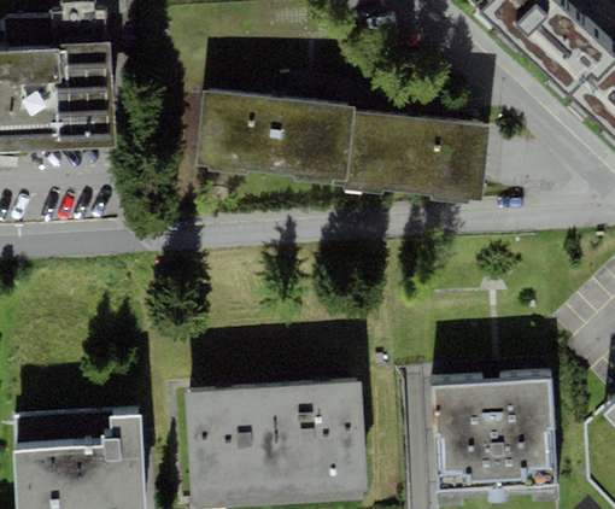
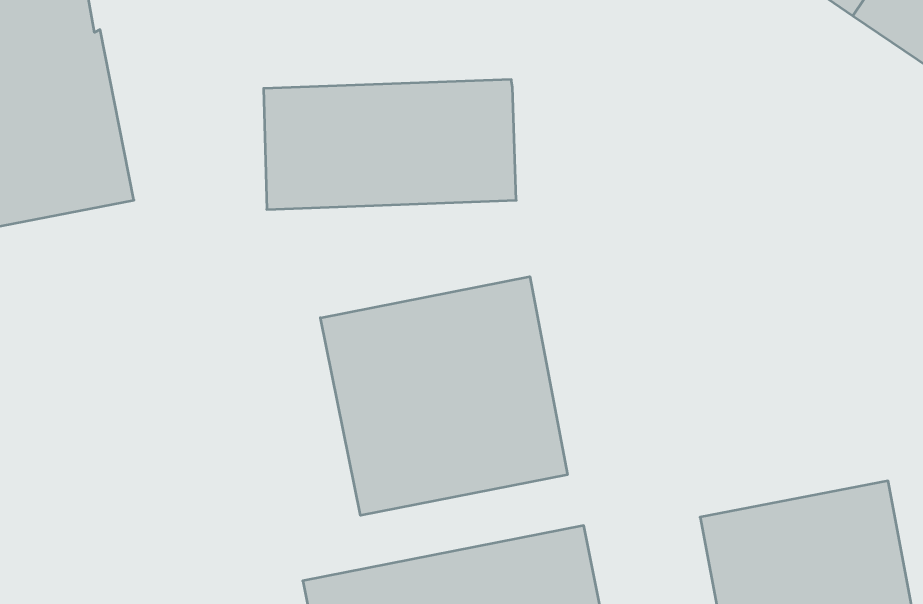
building: [346,110,491,198] -> none
building: none -> [320,277,567,515]

